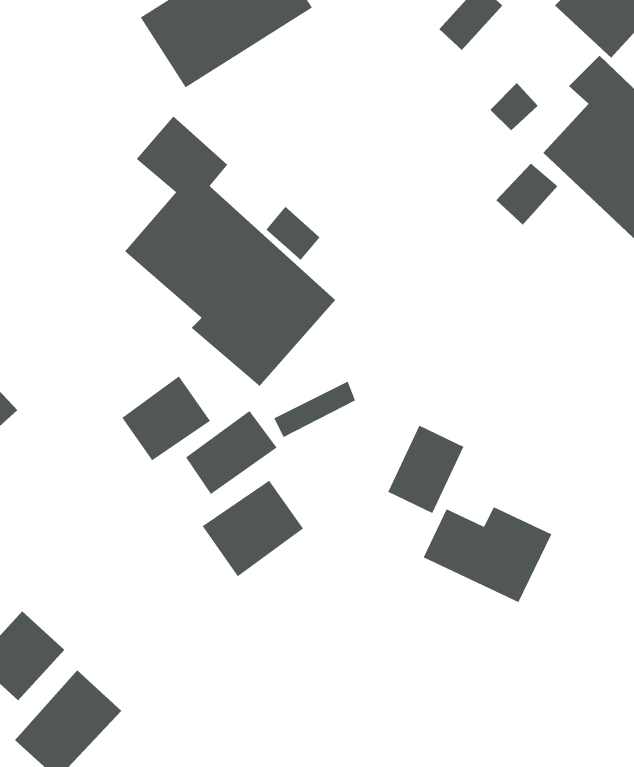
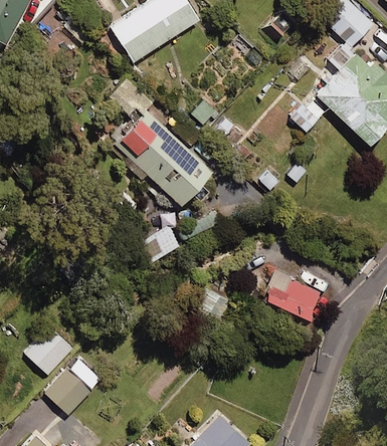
building: [122,376,211,461] -> none
building: [388,425,464,514] -> none
building: [202,480,304,577] -> none

